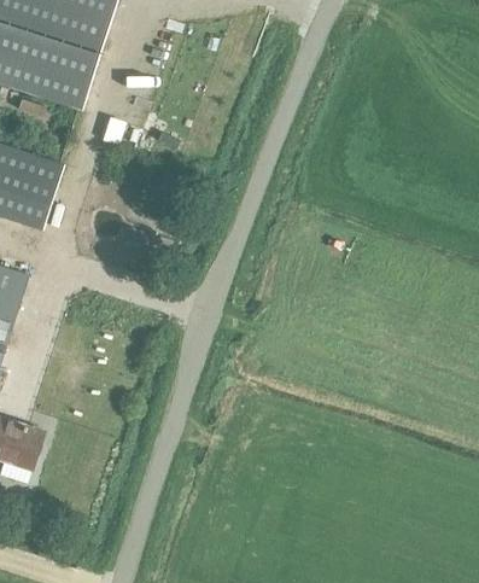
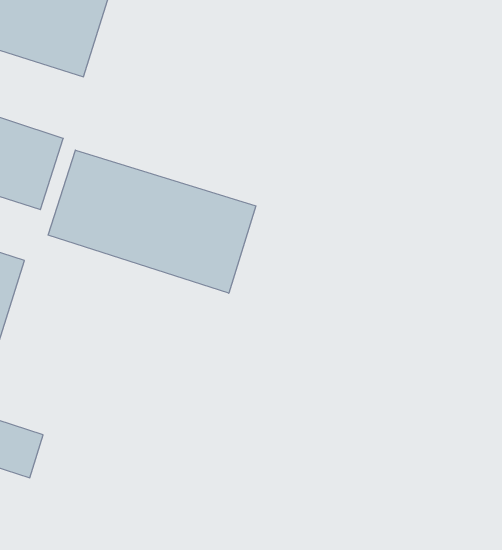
building: none -> [48,150,256,293]

